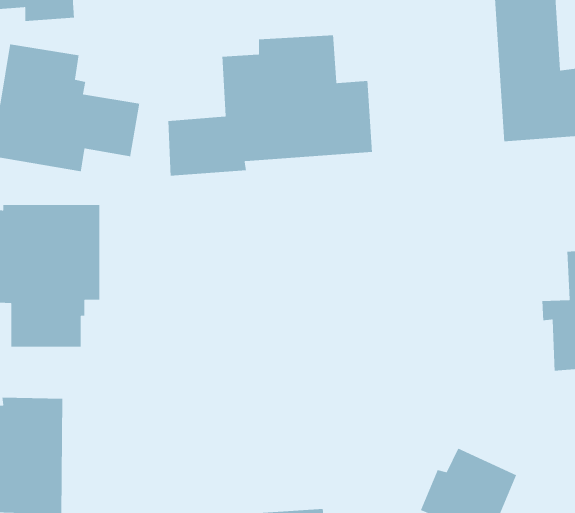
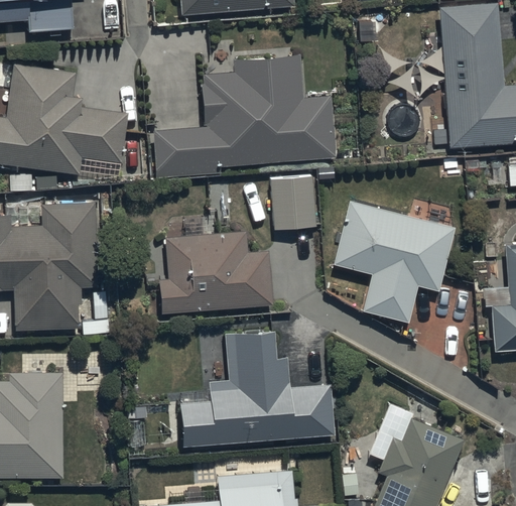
building: none -> [270,176,315,228]
building: none -> [331,200,456,323]
building: none -> [161,218,272,311]
building: none -> [182,330,333,448]

